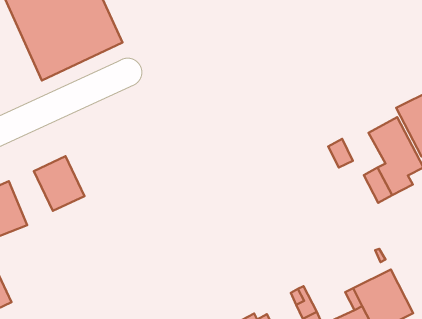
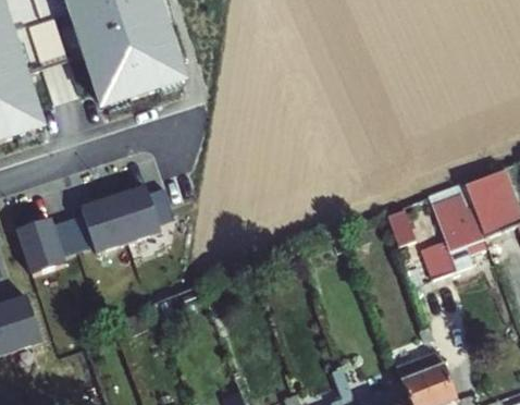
building: none -> [116,184,163,238]

